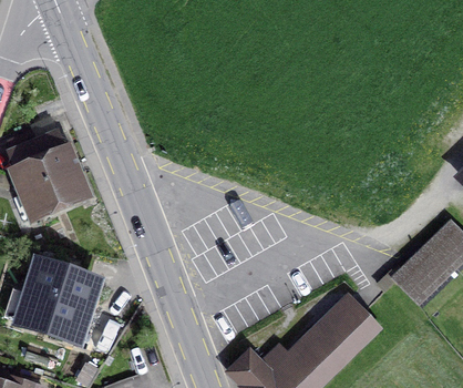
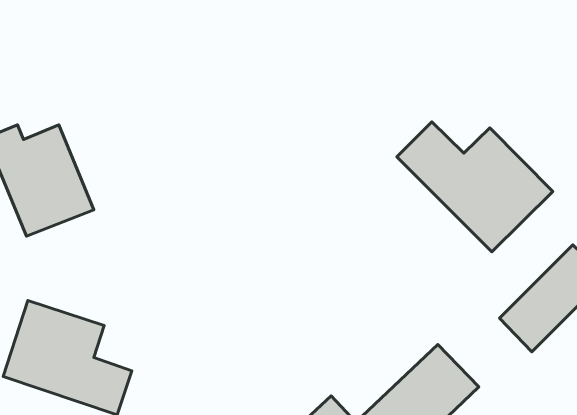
building: none -> [397,122,553,252]

